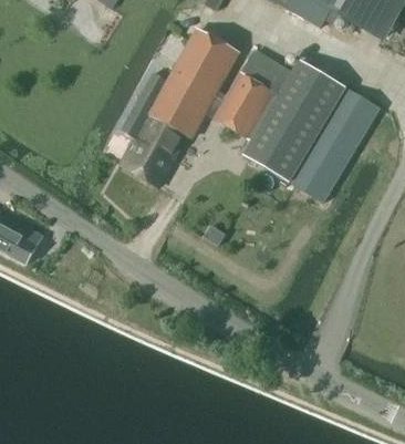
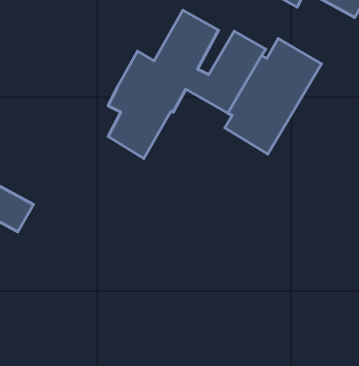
building: [289,86,380,202] -> none

